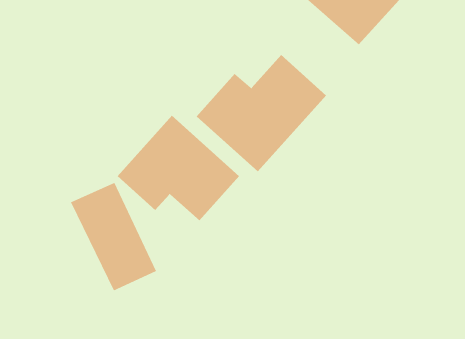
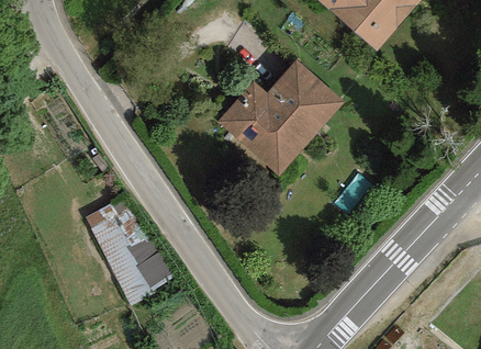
building: [117,115,240,221] -> none

